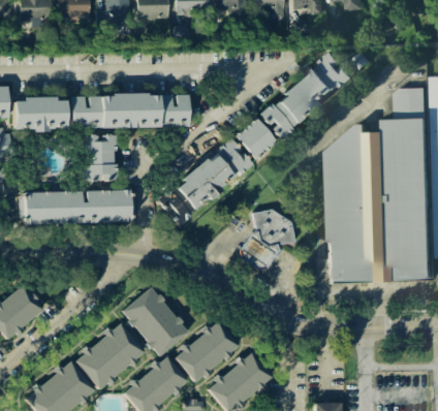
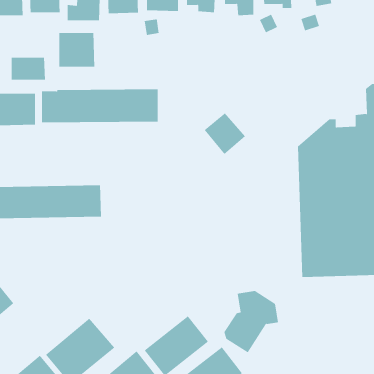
building: none -> [59,32,95,68]
building: [258,54,353,136] -> none
building: none -> [11,57,45,80]
building: [82,135,116,181] -> none
building: [156,139,251,223] -> none
building: [239,210,294,273] -> [223,290,279,353]
building: [124,289,188,356] -> none

